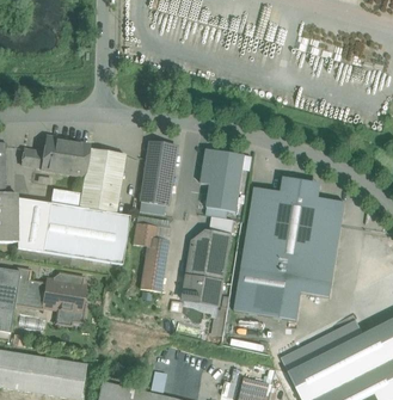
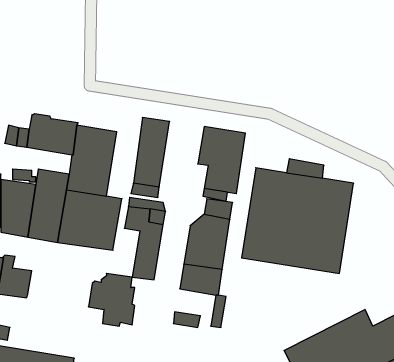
building: [234,270,332,320] -> none
building: [43,272,86,321] -> [88,273,135,326]

